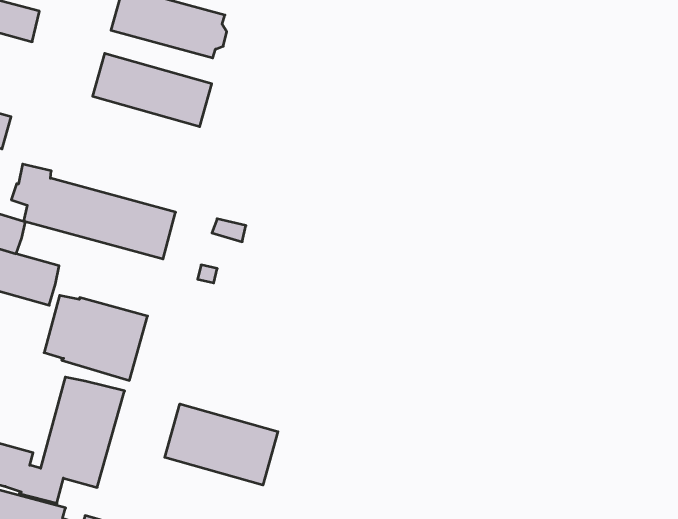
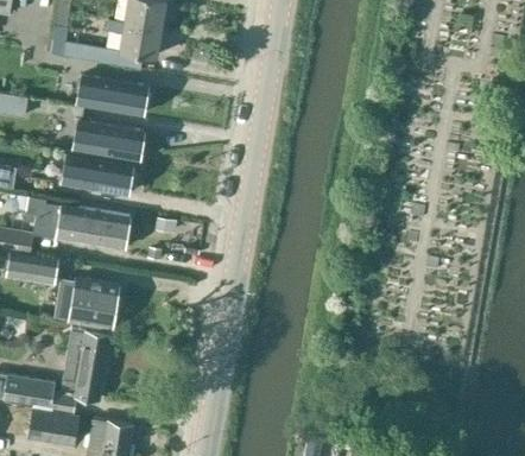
building: none -> [62,156,137,195]
building: [165,404,278,485] -> none

